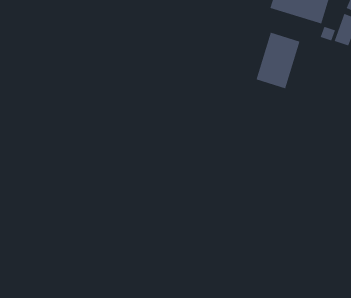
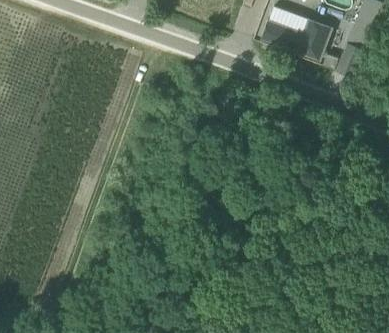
building: [256,32,300,89] -> none

